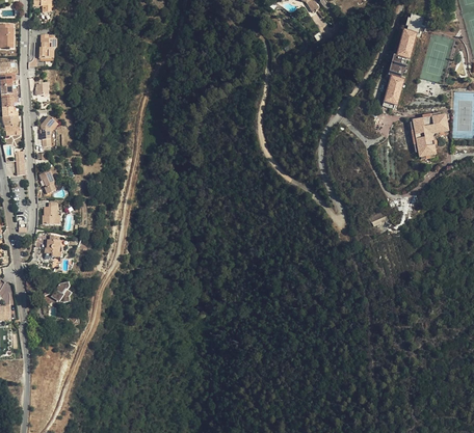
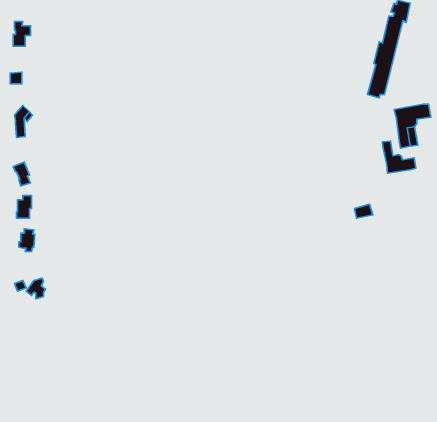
building: none -> [382,141,416,173]

